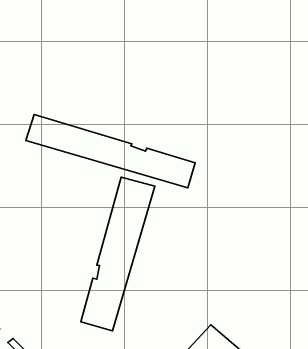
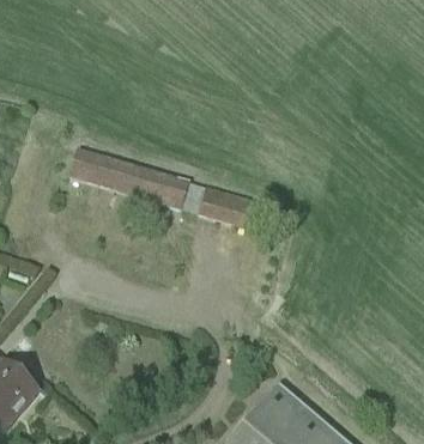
building: [81,177,155,331] -> none

